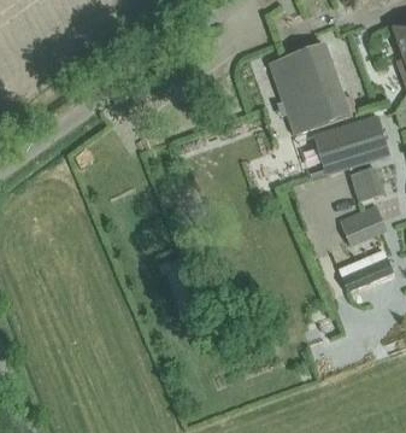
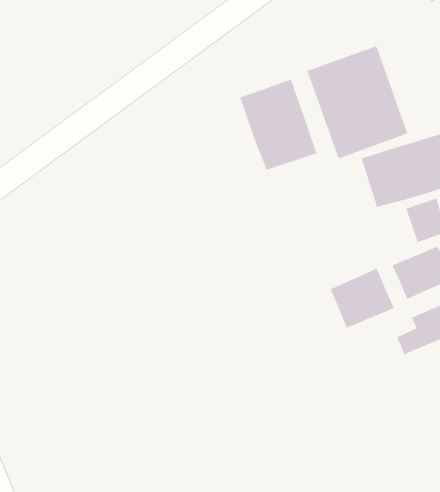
building: none -> [240,79,318,171]
building: none -> [330,268,394,328]

